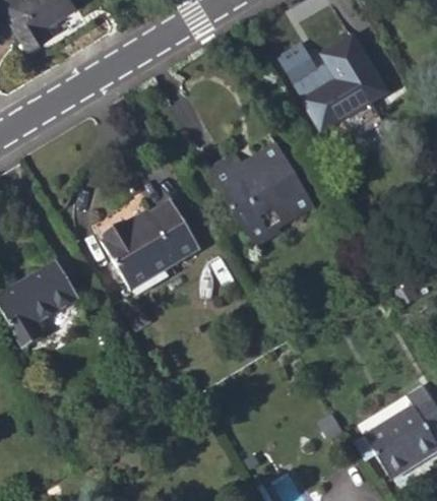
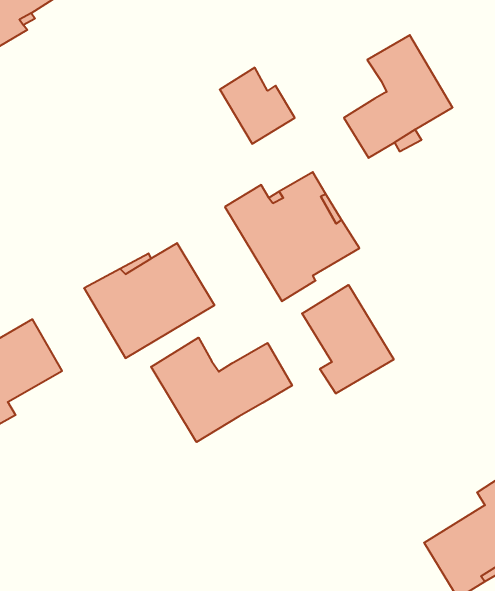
building: [275,41,334,101] -> [220,68,295,144]
building: none -> [302,285,394,394]
building: none -> [151,338,292,442]

